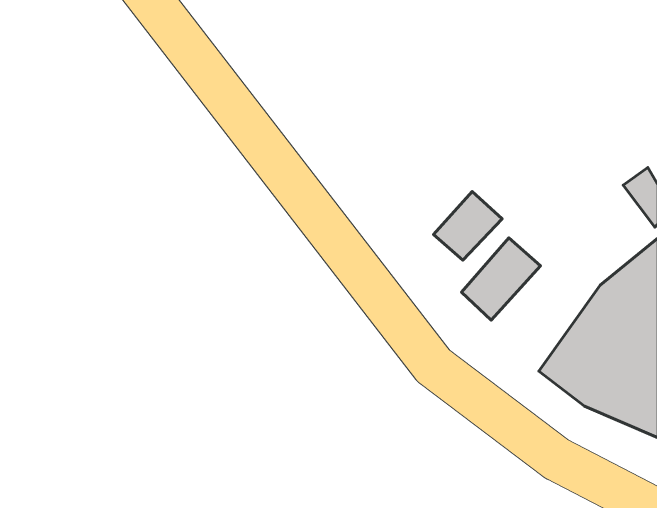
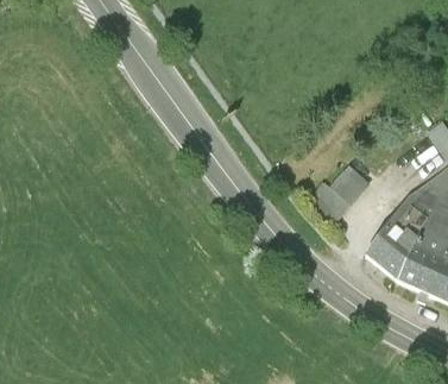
building: [433,192,502,260] -> none

